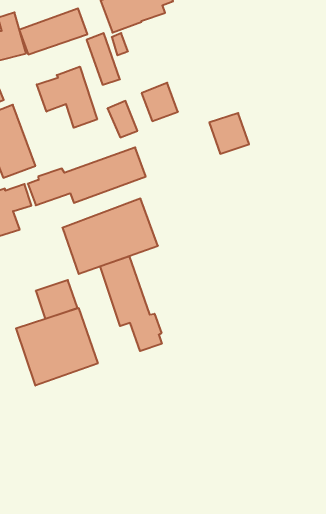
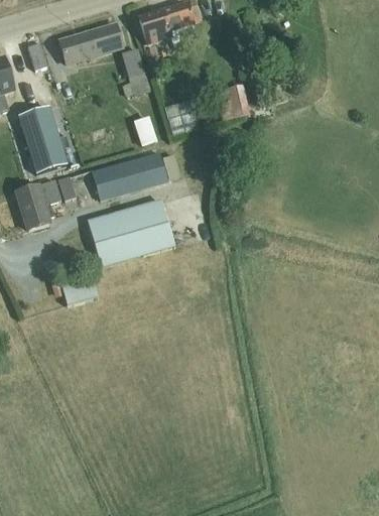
building: [37,67,97,128] -> none
building: [209,113,249,154] -> [215,84,250,120]
building: [100,256,162,351] -> none
building: [16,308,98,386] -> none

